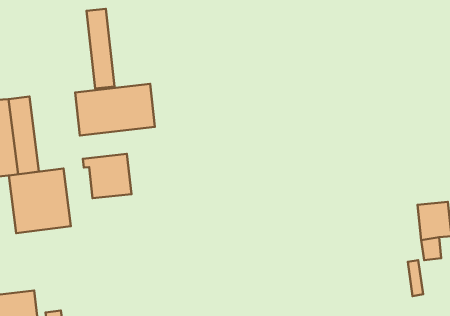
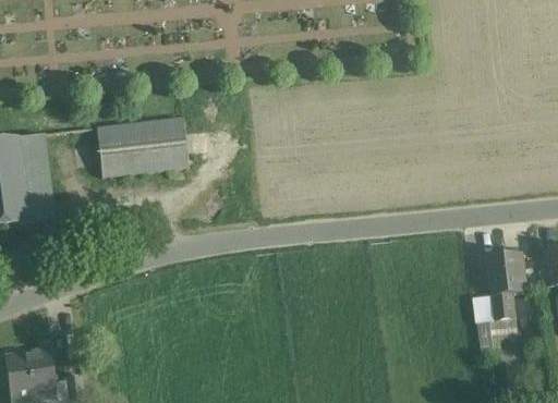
building: [86,9,114,89] -> none
building: [83,154,131,198] -> none
building: [9,169,71,233] -> none

